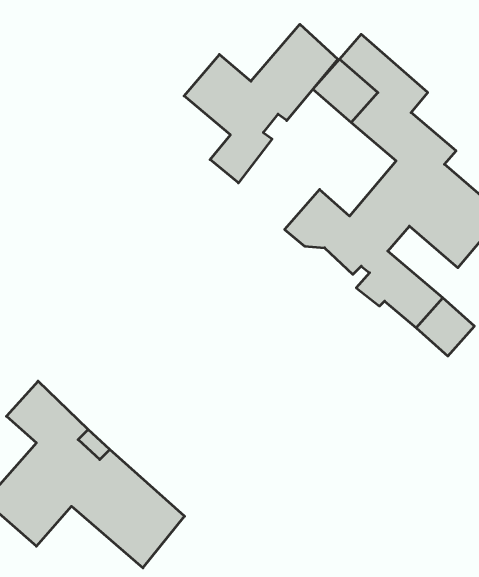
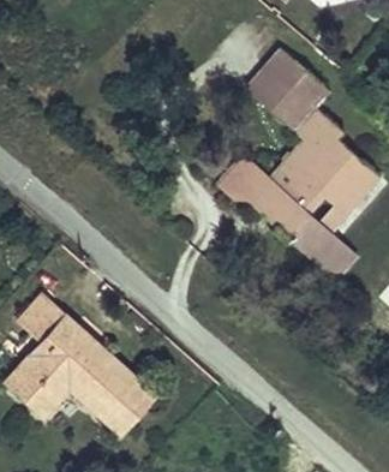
building: [184,24,338,183] -> none

